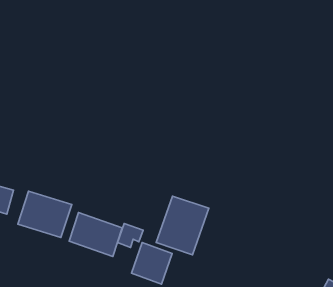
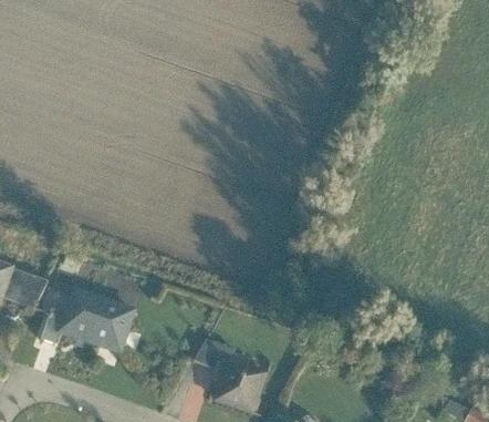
building: [156,196,209,255] -> none
building: [69,212,122,256] -> none

